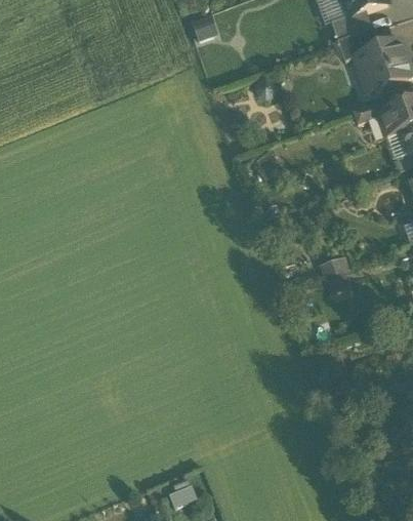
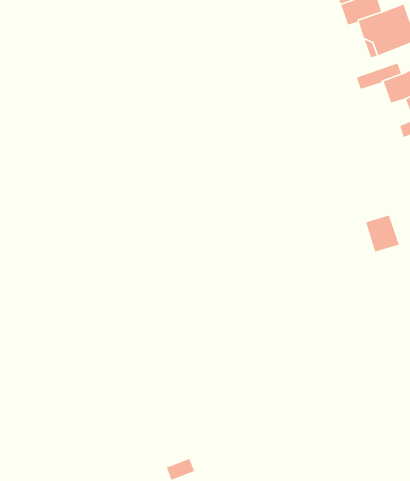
building: [321,256,355,293] -> [365,215,400,252]

